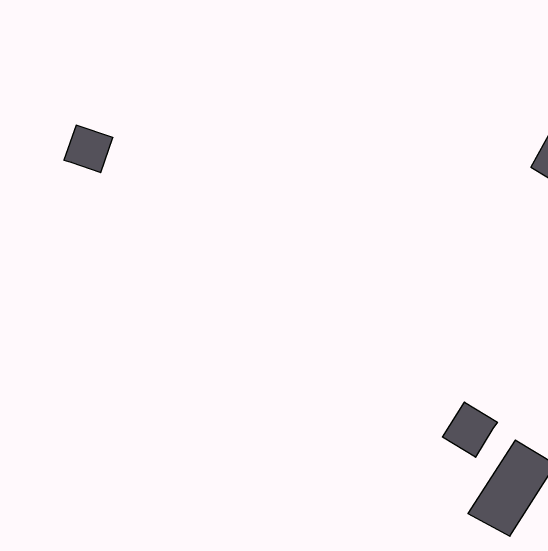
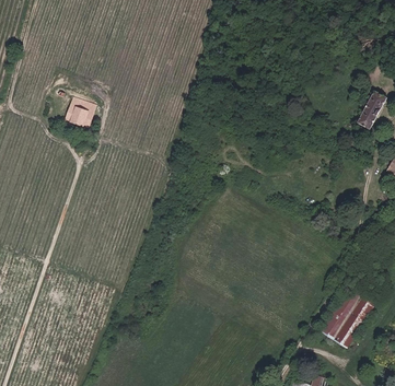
building: [442,402,497,457] -> none

